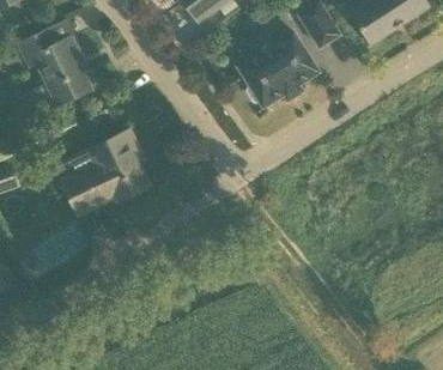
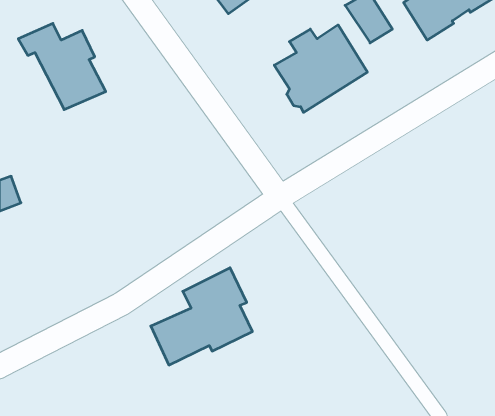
building: [61,131,148,214] -> [151,268,252,365]

